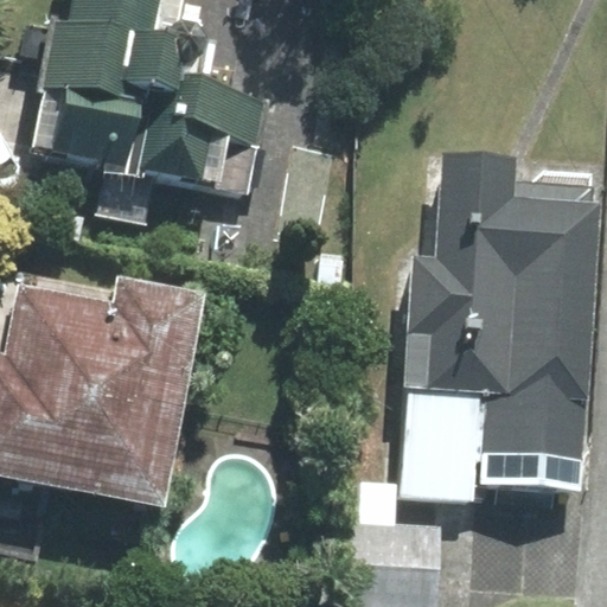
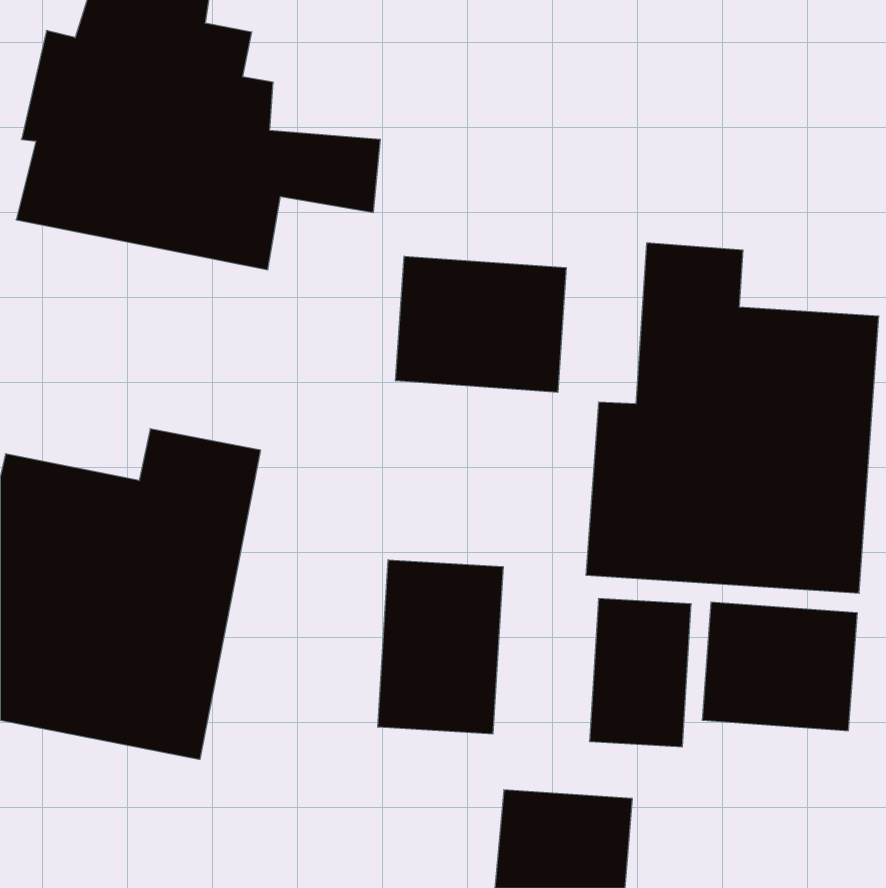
building: none -> [396,256,566,392]
building: none -> [378,560,503,734]

